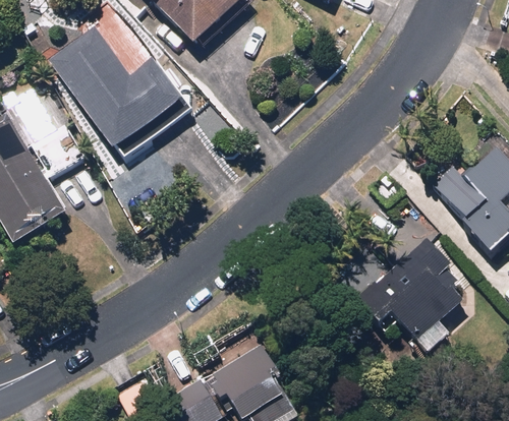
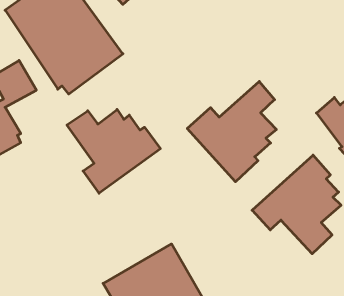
building: none -> [187,81,276,182]
building: none -> [67,109,160,193]

